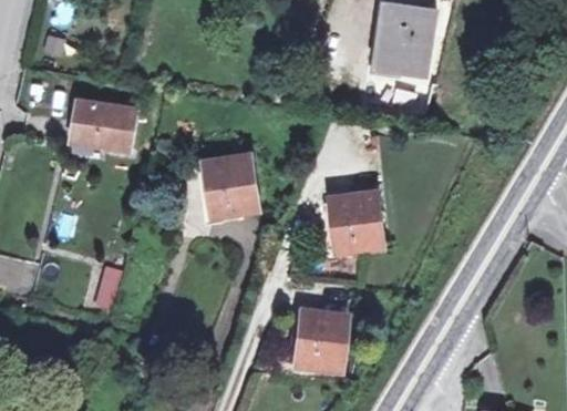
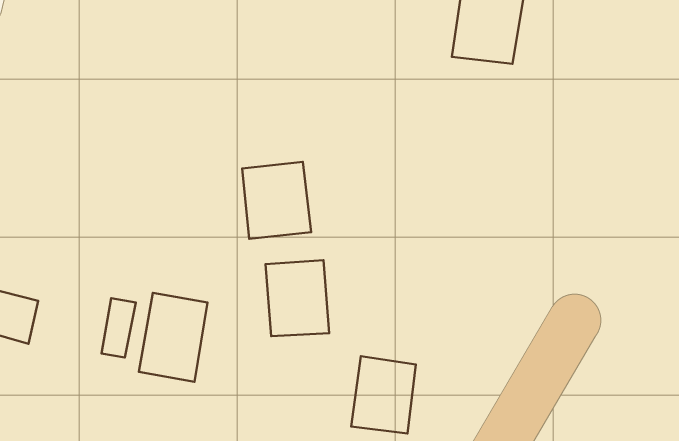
building: [71,97,135,150] -> none
building: [329,191,380,251] -> [266,260,329,336]
building: none -> [139,293,207,382]

